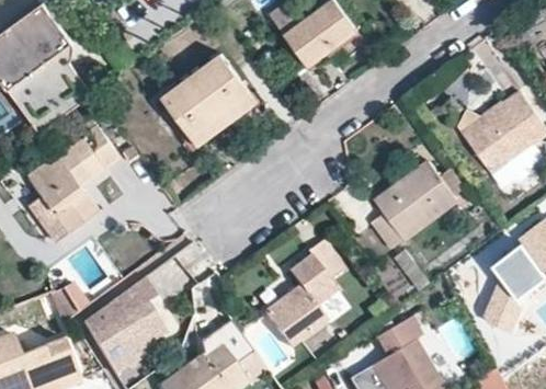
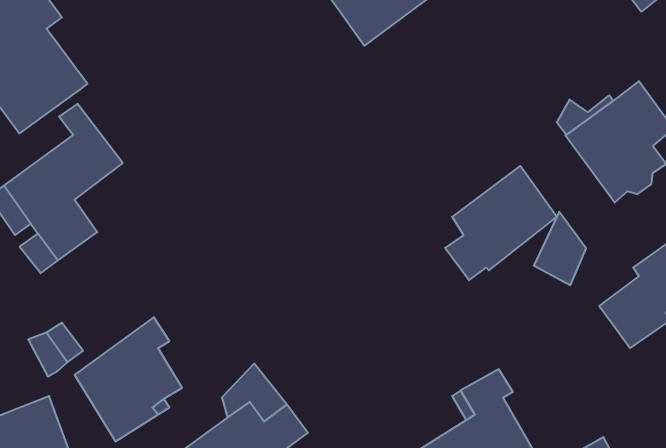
building: [162,54,258,144] -> none
building: [264,240,343,347] -> none
building: [479,279,520,336] -> [534,212,586,285]

